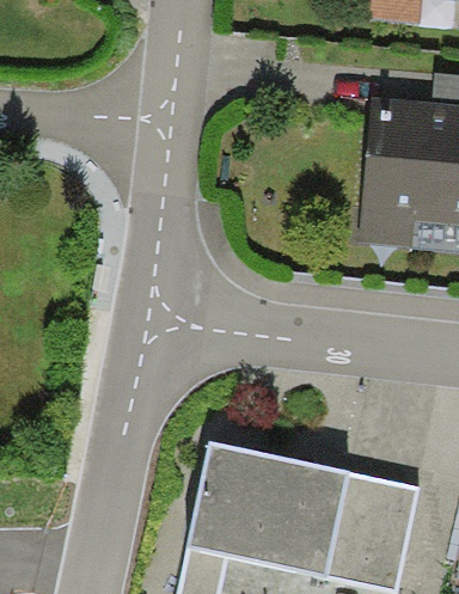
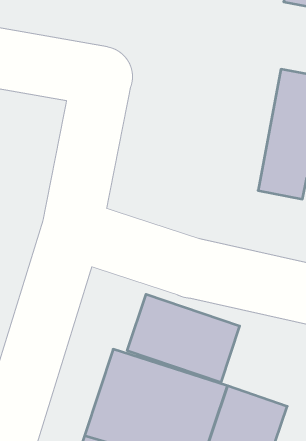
building: none -> [127,294,240,382]

